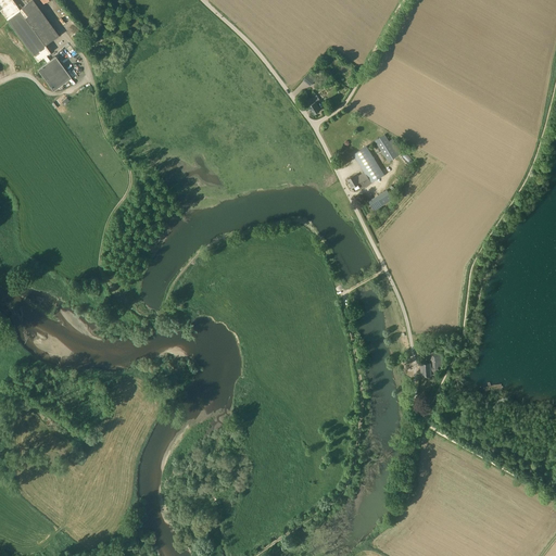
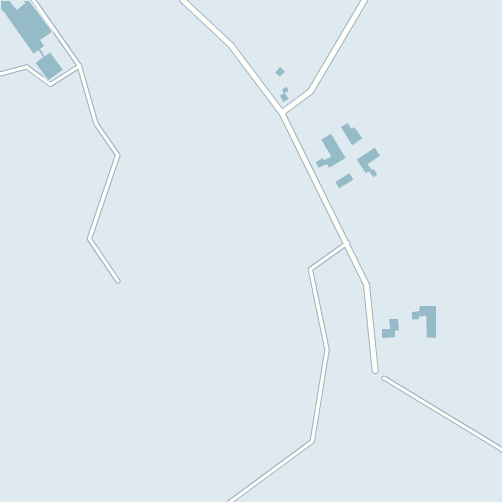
building: none -> [356,146,381,178]
building: none -> [411,305,437,338]

